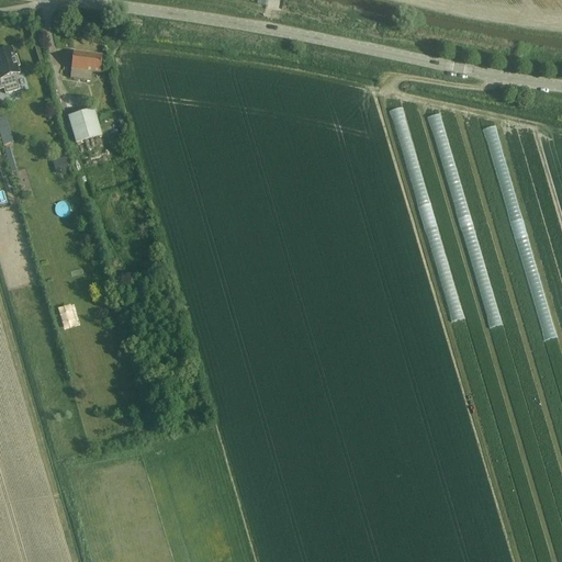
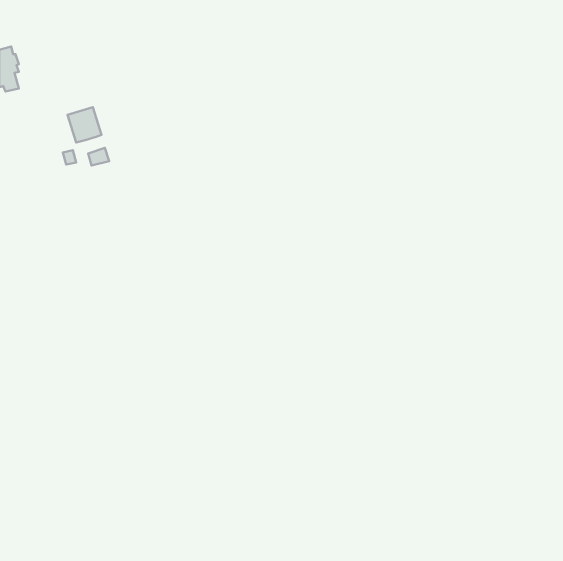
building: [69,49,102,78] -> none

